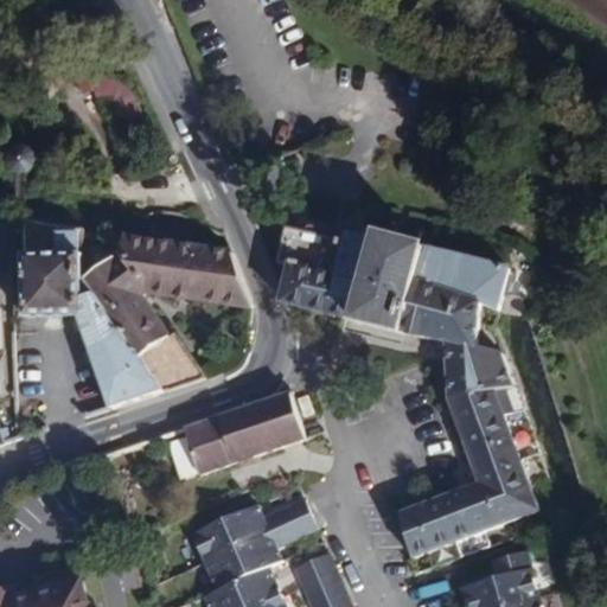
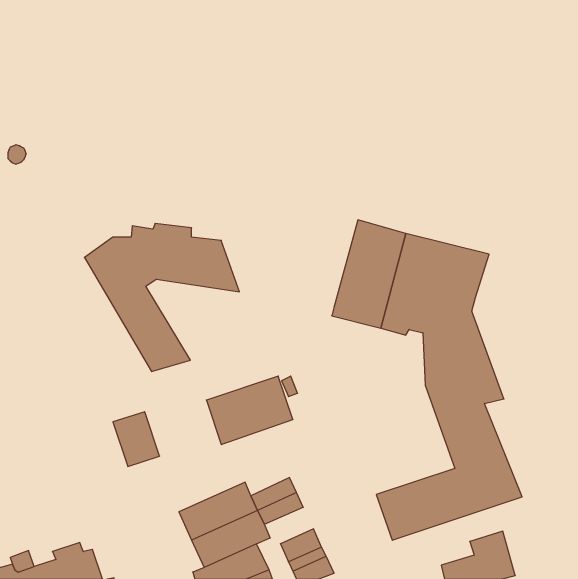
building: [18,221,158,404] -> none
building: [273,221,372,319] -> none
building: [181,416,230,473] -> [113,412,160,466]

